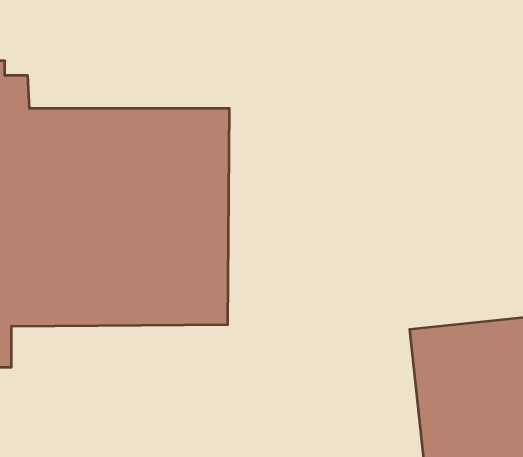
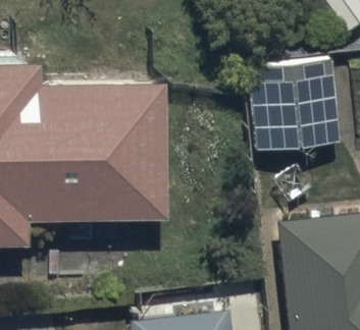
building: none -> [247,57,341,152]

